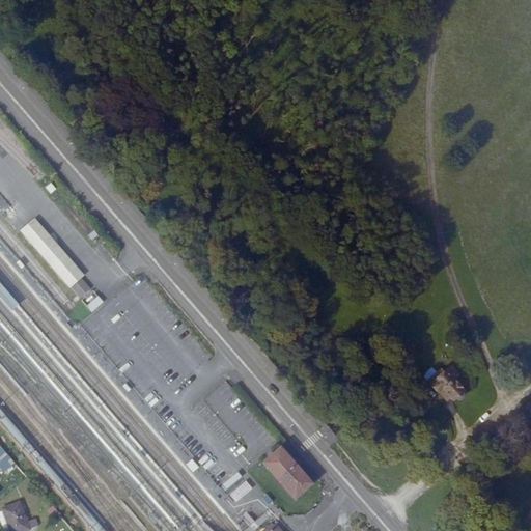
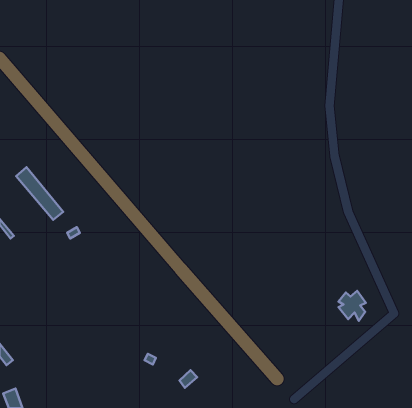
building: [262,446,312,498] -> none

